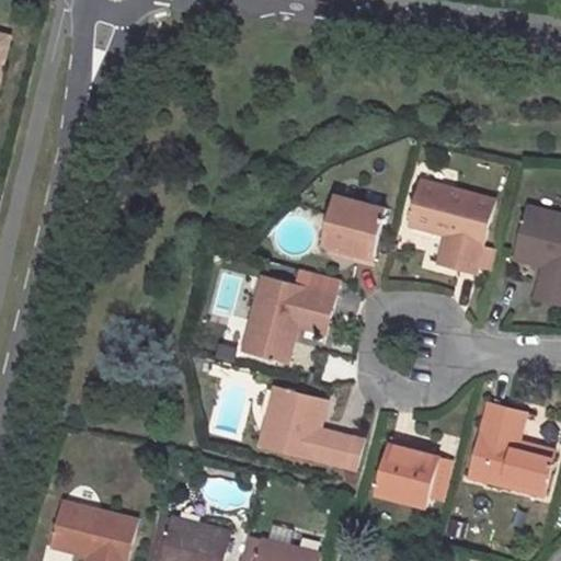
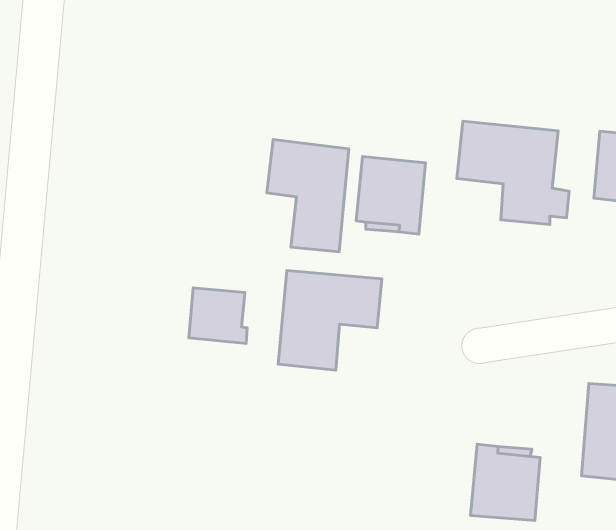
building: none -> [267,140,349,252]
building: none -> [189,288,247,343]
building: [259,388,360,470] -> none

